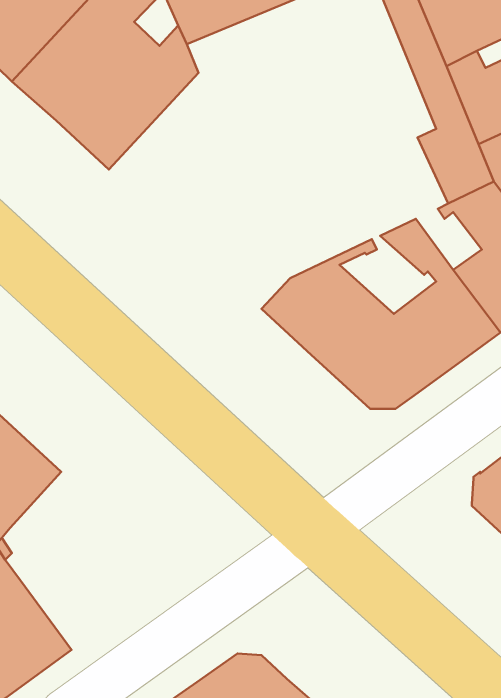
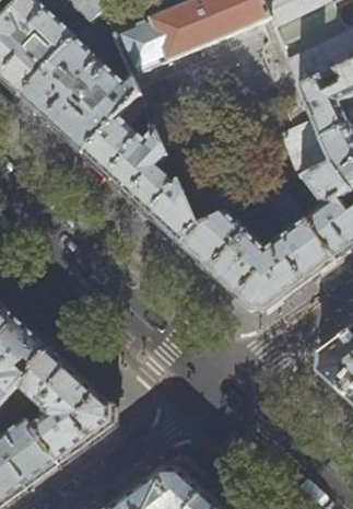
building: none -> [84,93,201,245]
building: none -> [21,350,116,465]

